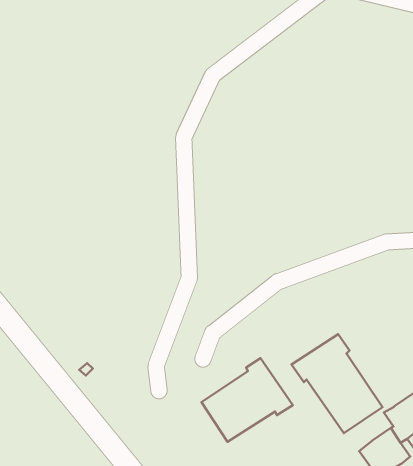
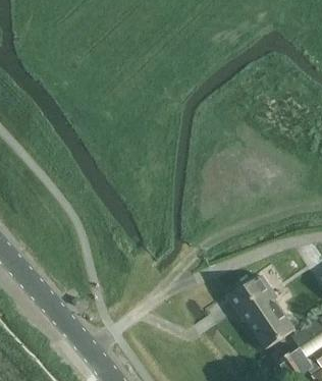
building: [201,358,293,442] -> none

